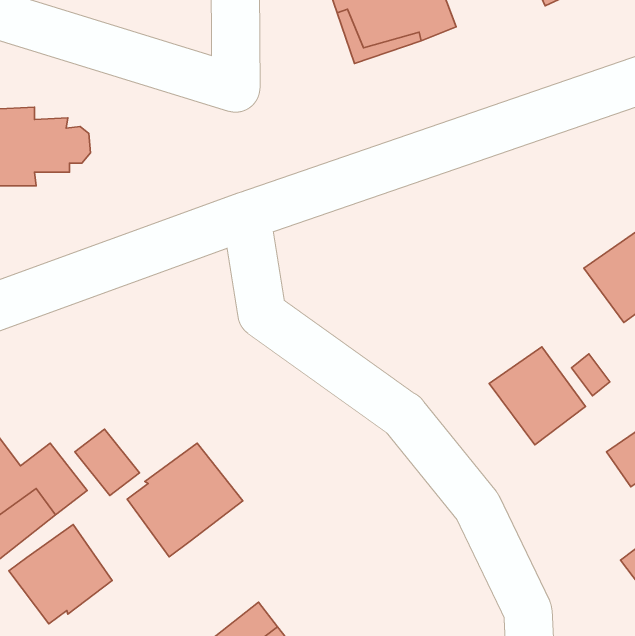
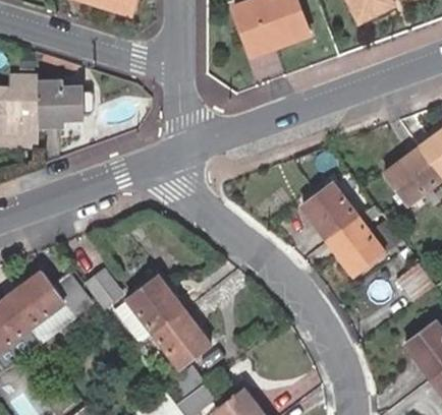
building: none -> [299,182,357,241]
building: none -> [153,309,210,368]
building: [9,525,112,624] -> none

